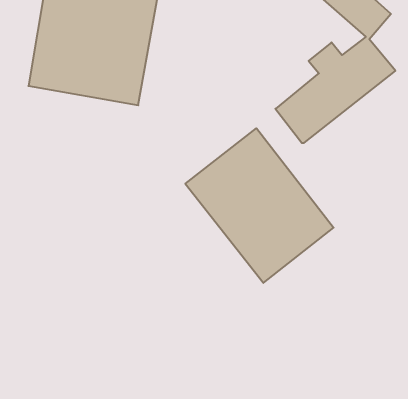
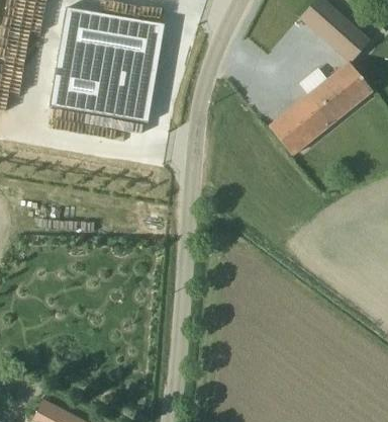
building: [185,128,334,283] -> none

